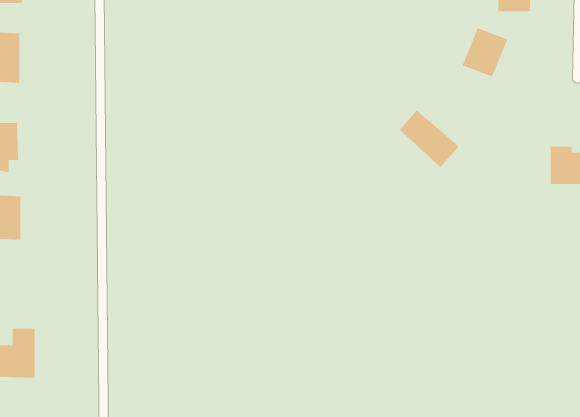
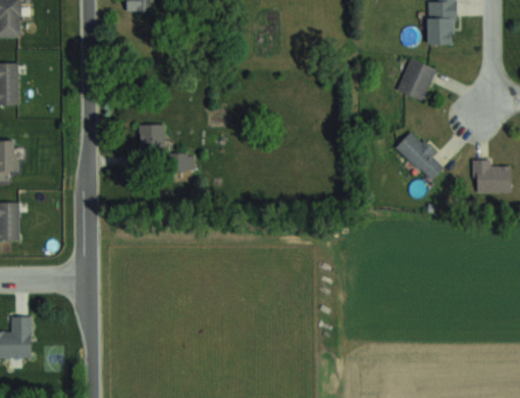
building: none -> [140,125,164,149]
building: [399,110,459,168] -> [396,131,448,181]
building: none -> [169,153,193,172]

